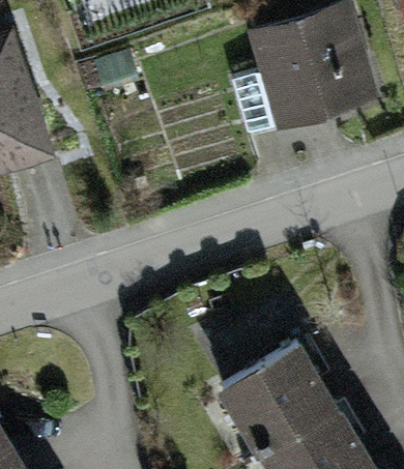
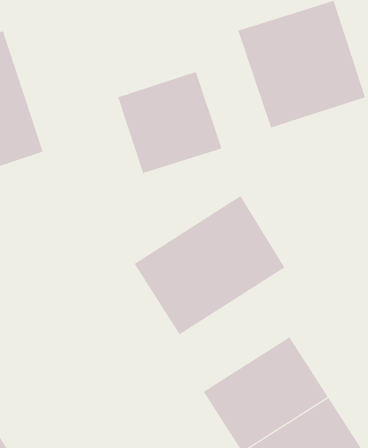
building: none -> [118,71,222,174]
building: none -> [134,195,285,335]

